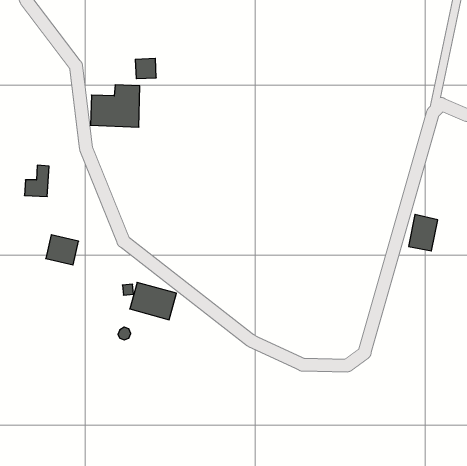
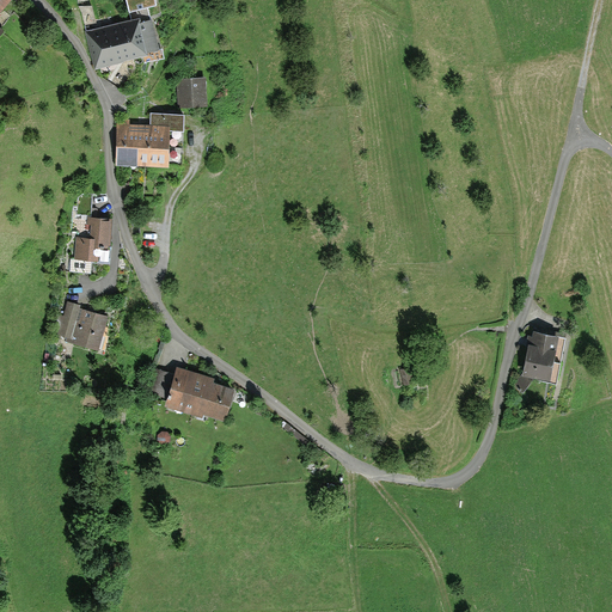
building: none -> [87,18,155,65]
building: [24,165,49,196] -> [75,218,108,258]
building: [409,214,438,251] -> [525,333,563,381]

